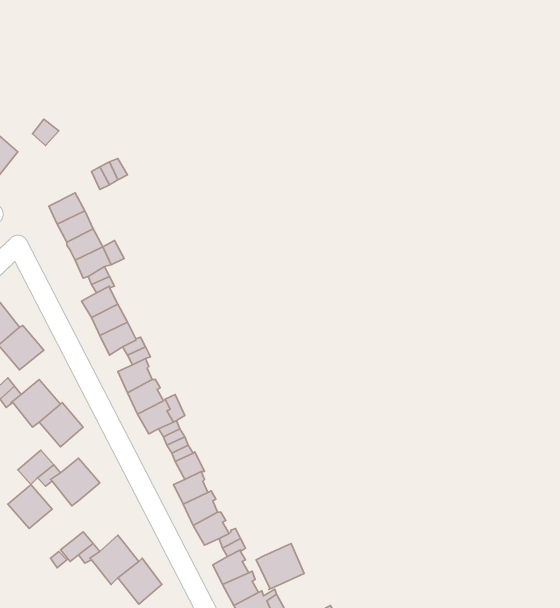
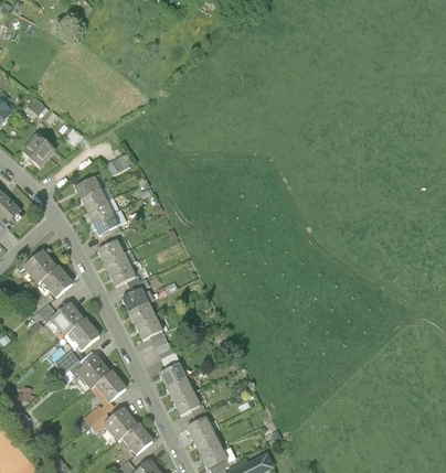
building: [8,484,52,529] -> [96,370,126,400]
building: [256,544,304,590] -> none

